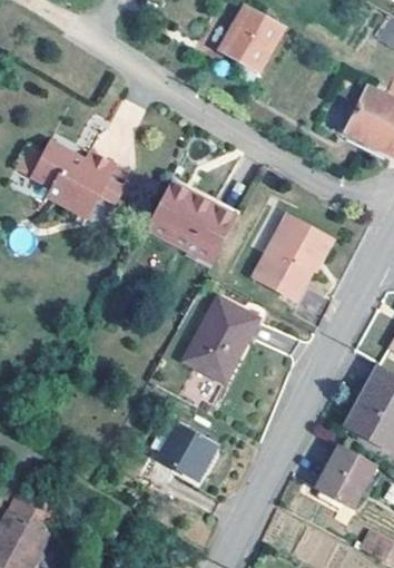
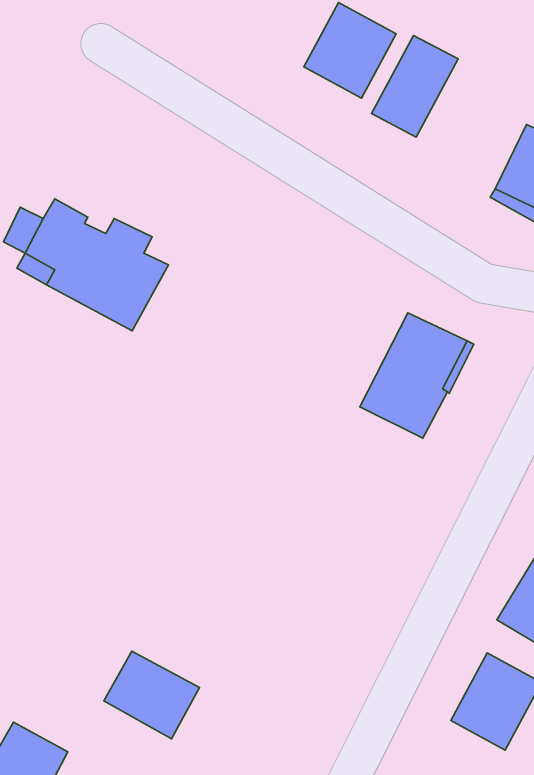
building: none -> [371,35,458,137]
building: [147,183,236,259] -> none
building: [185,300,257,382] -> none
building: [158,422,223,481] -> [104,651,199,739]

